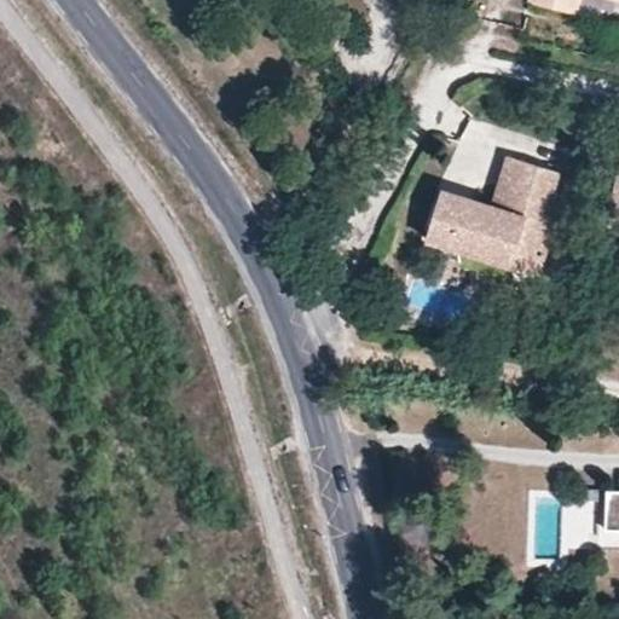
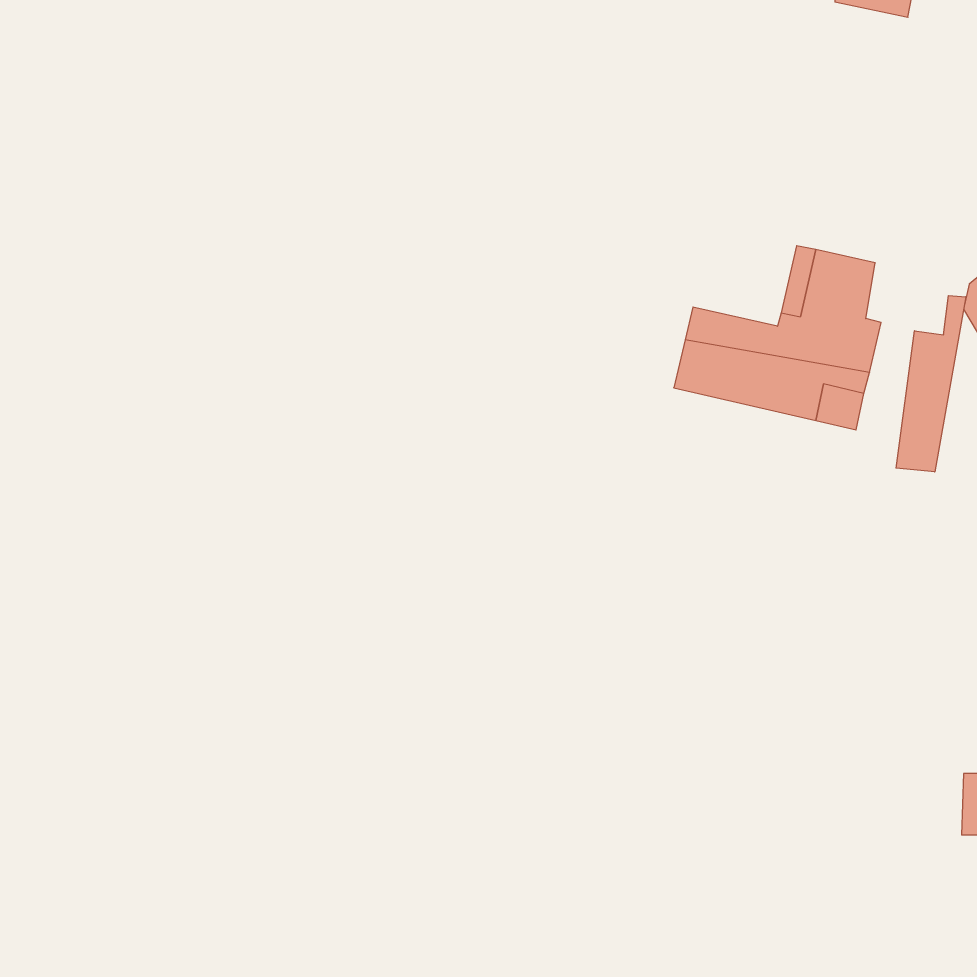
building: none -> [896,296,966,472]

